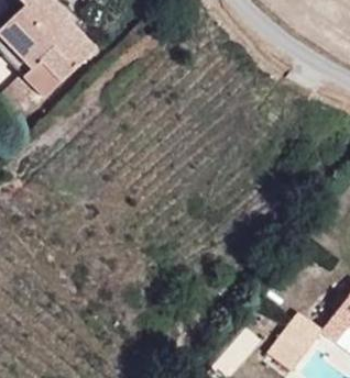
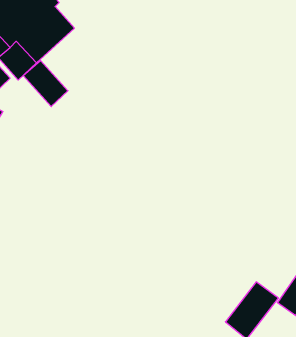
building: none -> [23,61,68,107]

